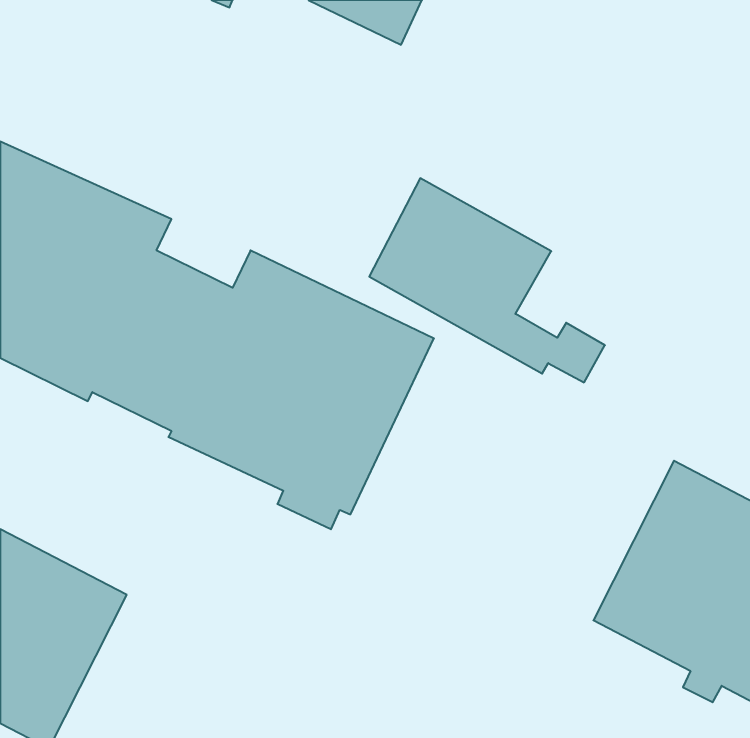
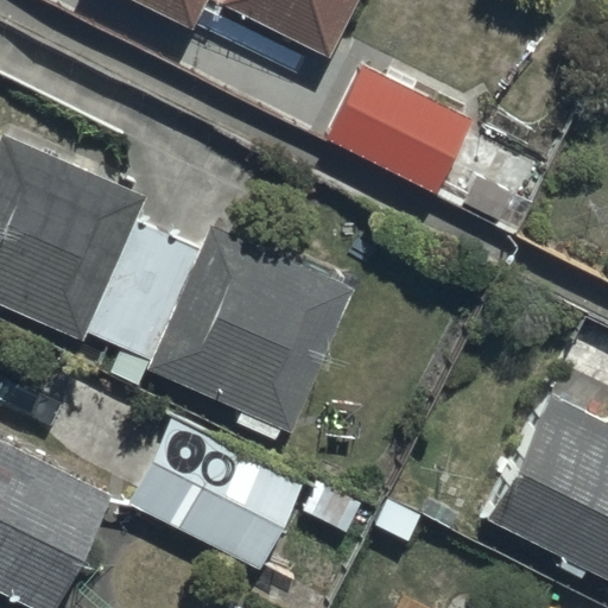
building: [369,178,605,382] -> [323,61,511,223]
building: none -> [127,413,304,569]

